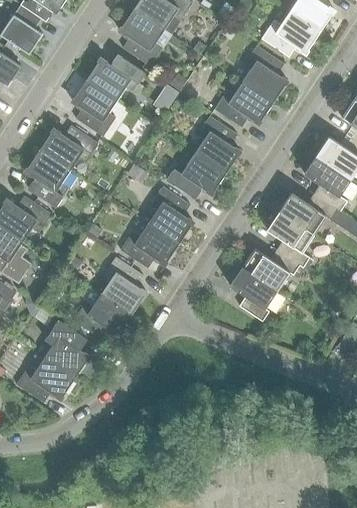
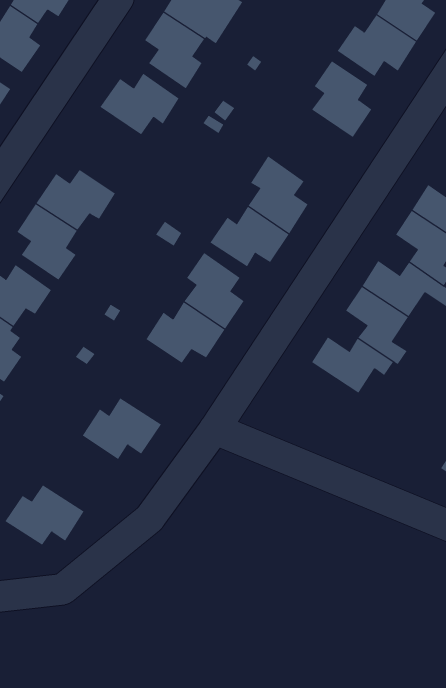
building: [72,79,117,136] -> none
building: [214,81,273,127] -> none
building: [101,256,146,313] -> none
building: [230,267,277,321] -> none
building: [44,320,89,377] -> none

